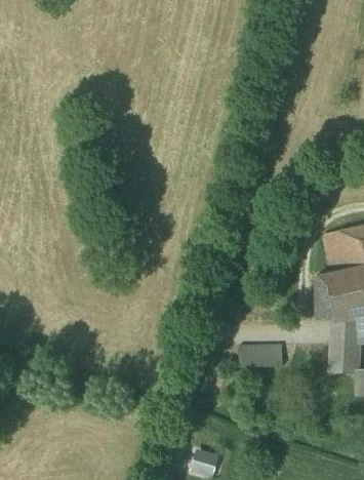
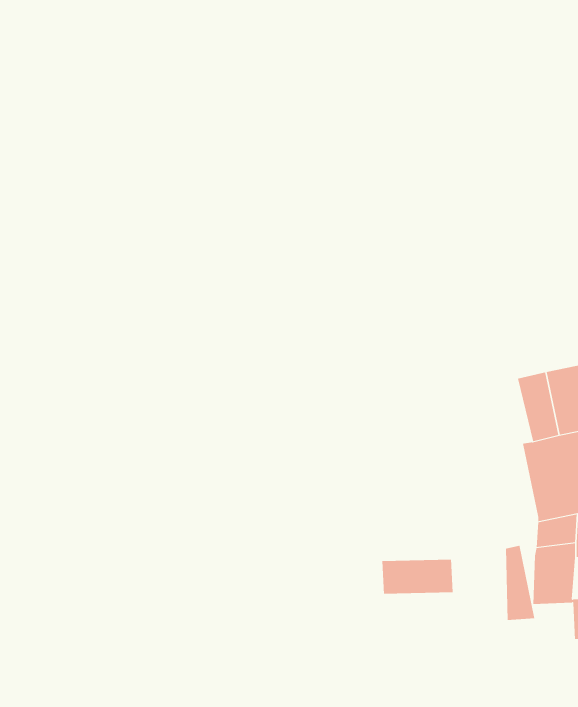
building: [315,274,333,320] -> [505,545,535,620]

